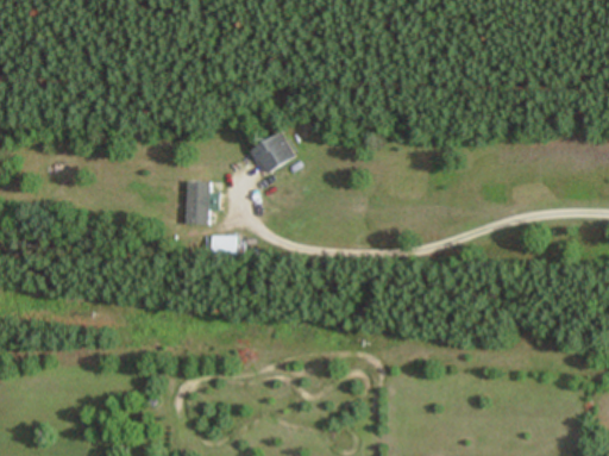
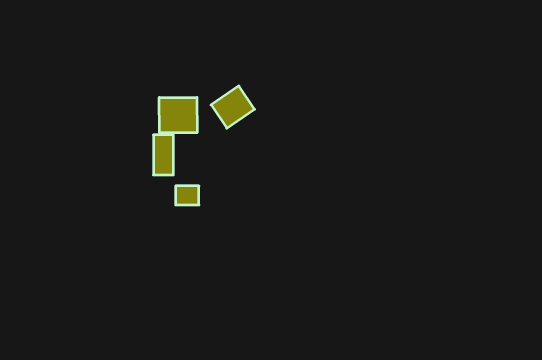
building: none -> [159,97,197,133]

